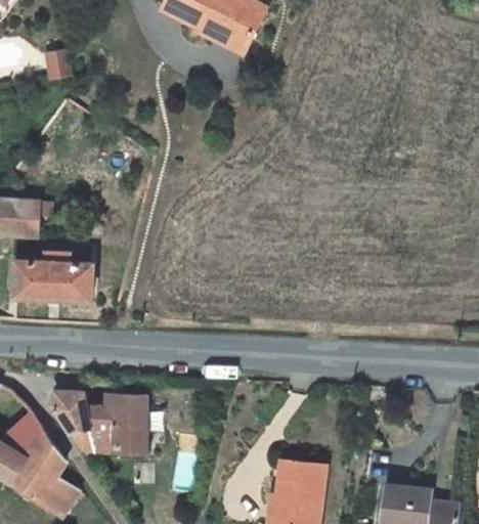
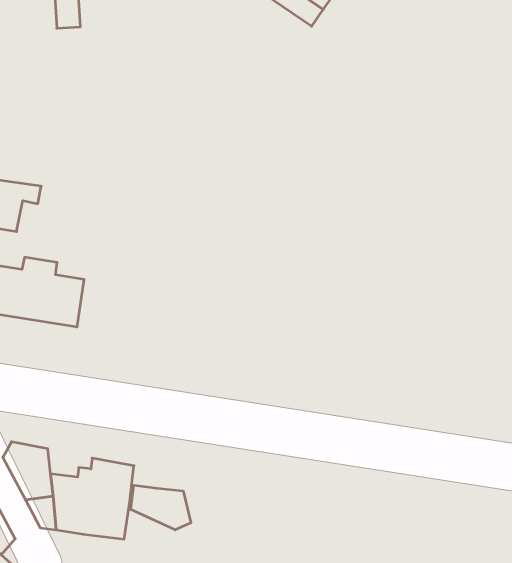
building: none -> [131,485,191,530]

